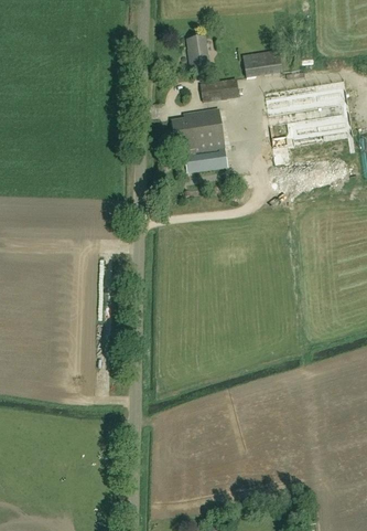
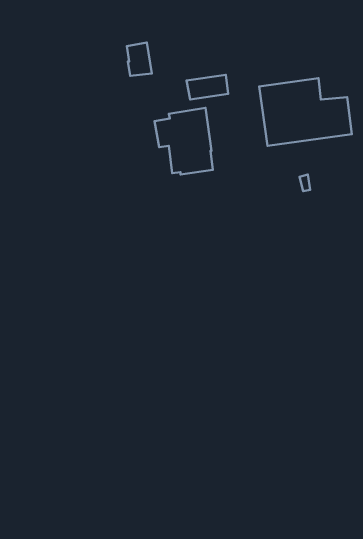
building: [188,36,212,67] -> [127,42,152,76]
building: [248,54,283,73] -> none

